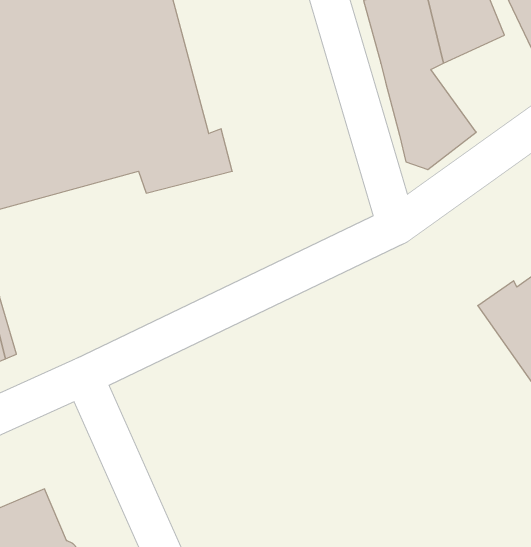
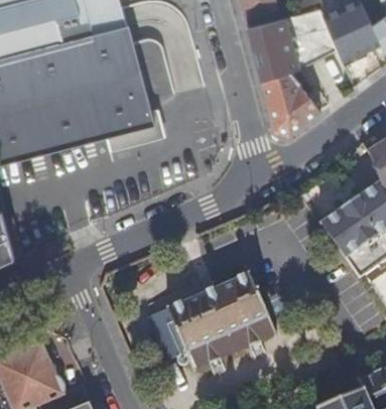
building: none -> [149,273,277,370]

